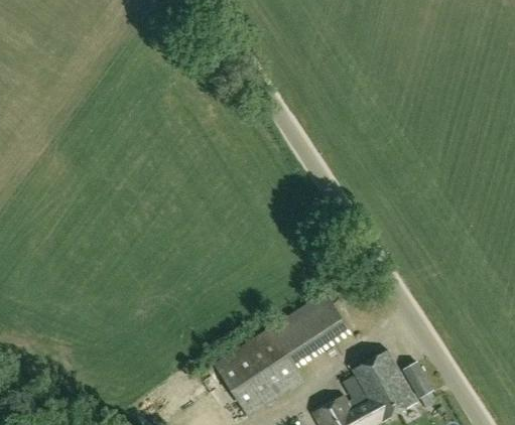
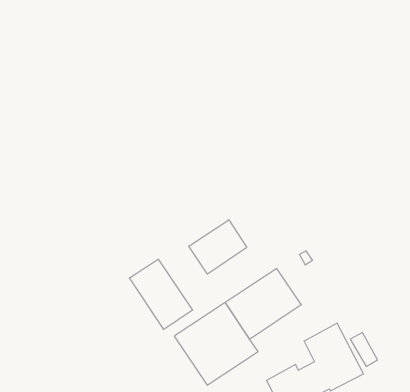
building: none -> [189,220,247,274]
building: none -> [129,259,193,329]

